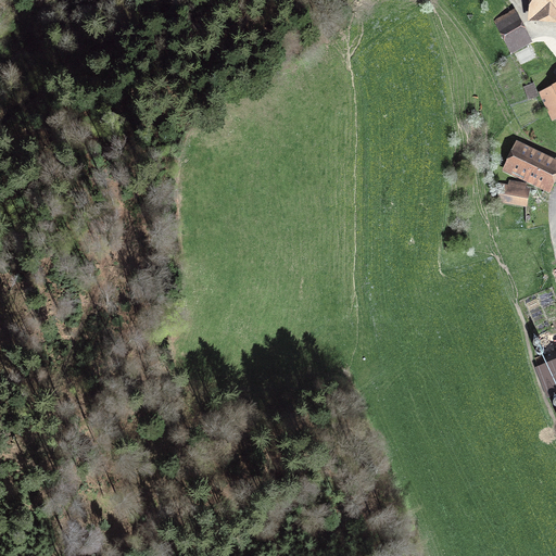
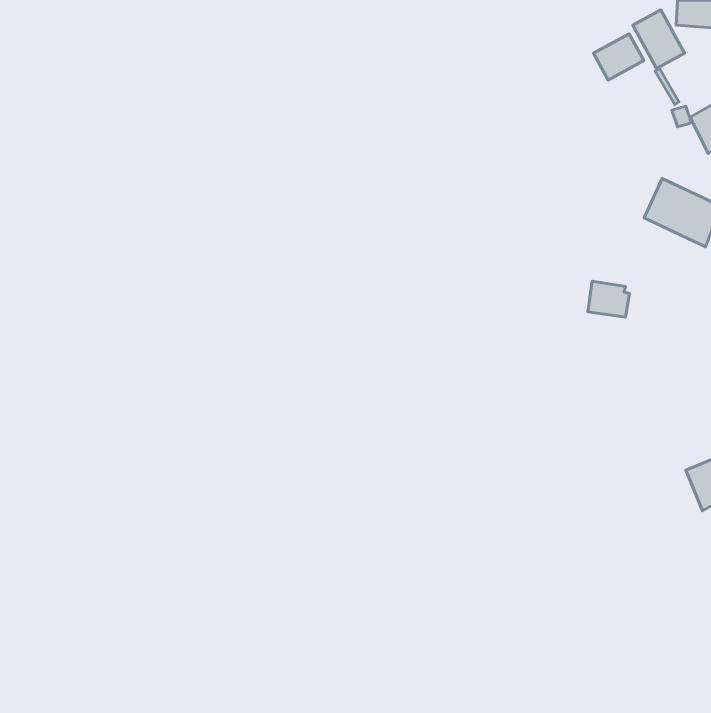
building: none -> [593,34,644,80]
building: [498,178,531,206] -> [588,281,630,317]

